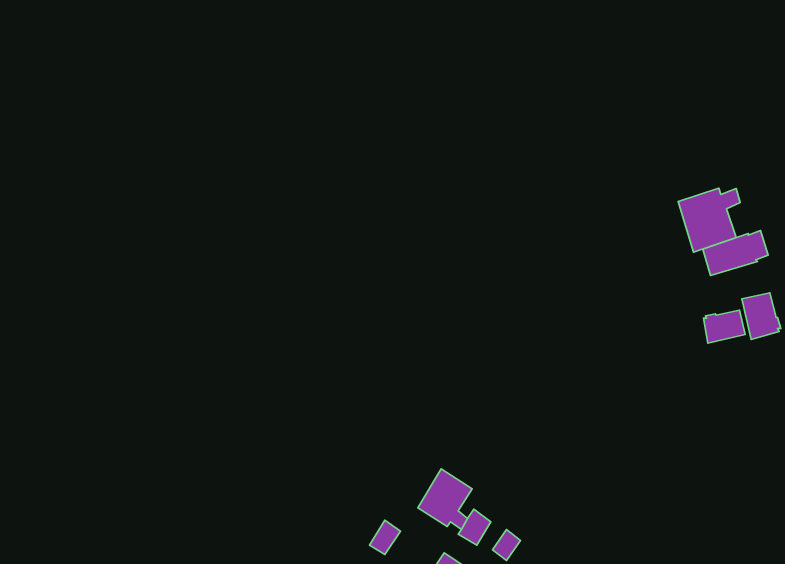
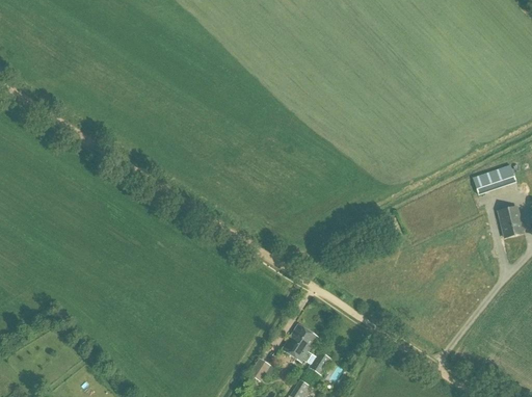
building: [678,188,740,252] -> none
building: [703,310,745,343] -> none

